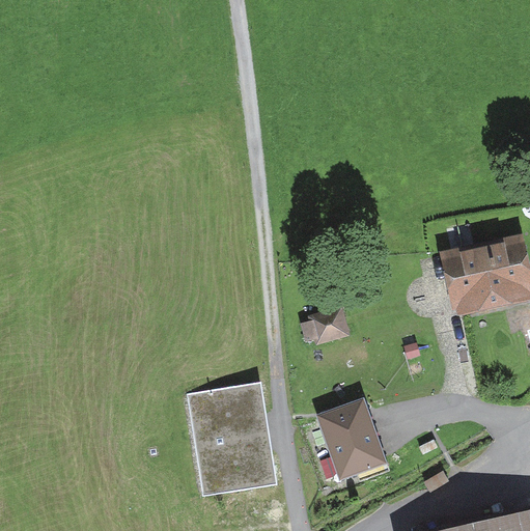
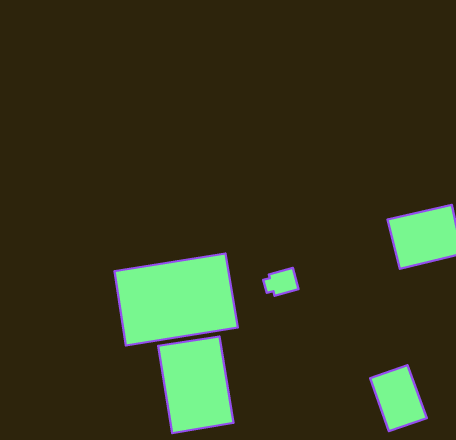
building: none -> [114,254,238,346]
building: [320,402,384,476] -> [370,365,427,431]

